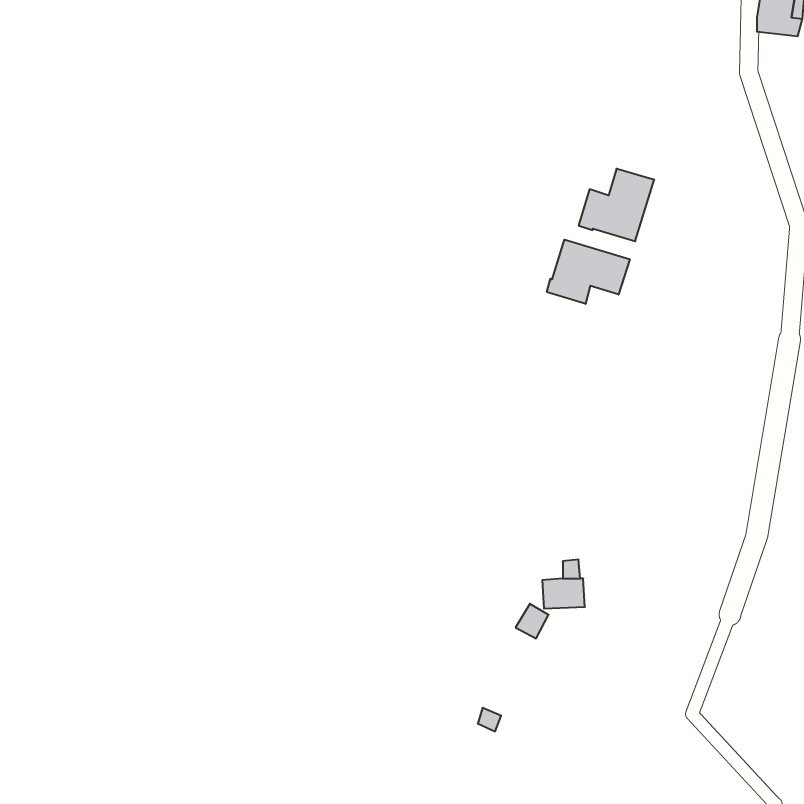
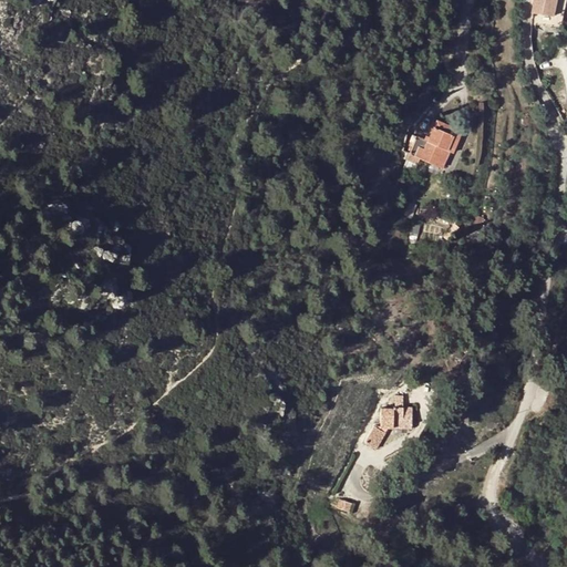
building: [547,240,630,304] -> none

